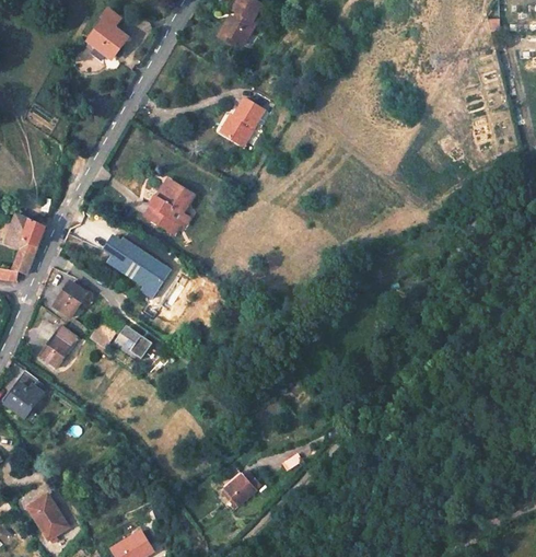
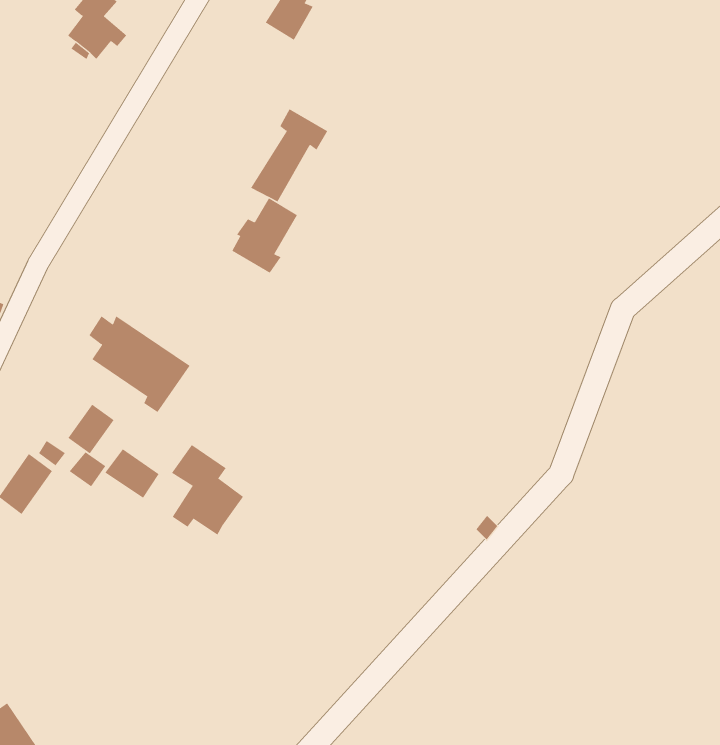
building: [142,179,187,231] -> [231,197,298,273]
building: [54,280,85,314] -> [68,404,114,454]
building: none -> [171,444,244,536]
building: [228,476,257,506] -> none

